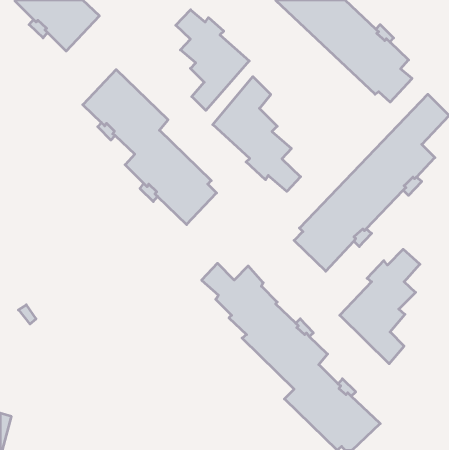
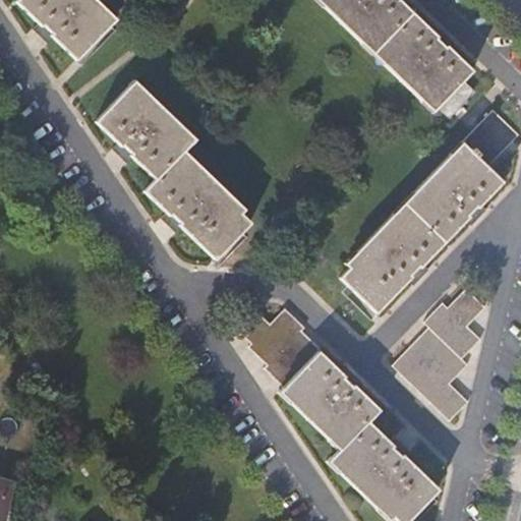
building: [176,10,249,110] -> none
building: [213,77,301,191] -> none

